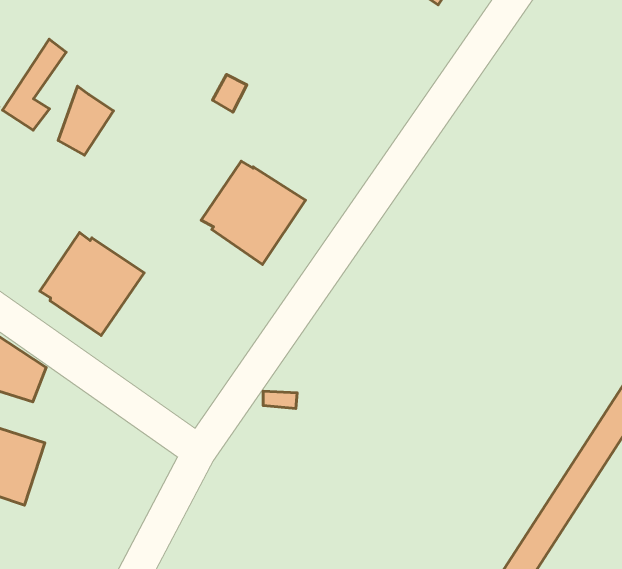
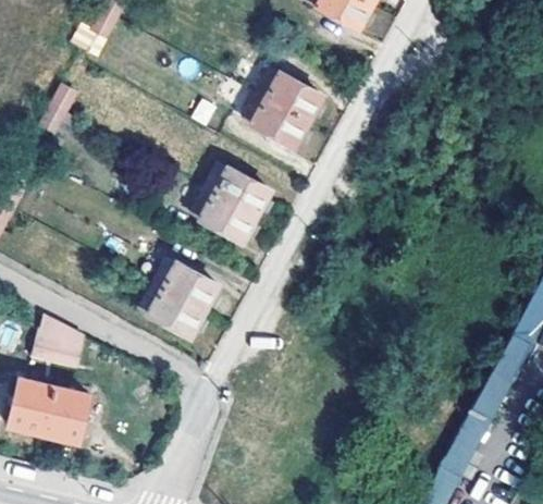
building: none -> [244,67,322,145]
building: [58,86,113,155] -> none
building: [40,232,144,336] -> [139,259,218,336]

